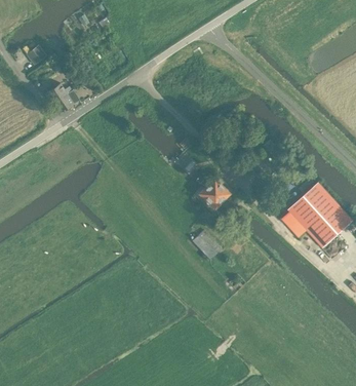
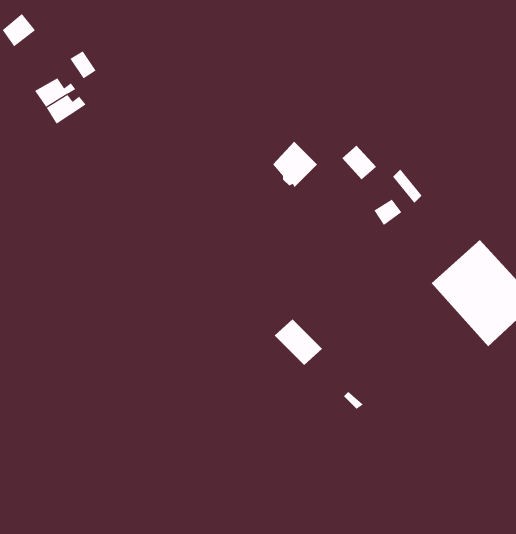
building: [200,179,228,207] -> [272,141,318,188]

